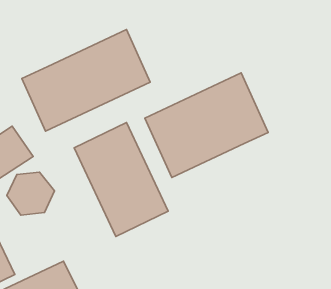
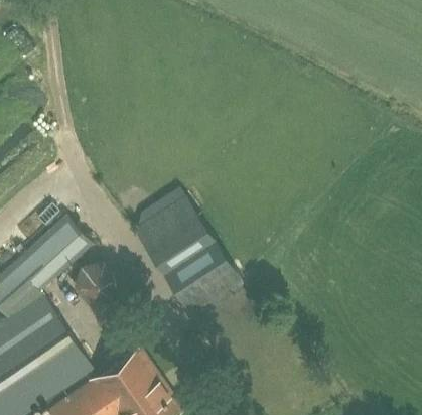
building: [22,29,150,131] -> none
building: [145,73,268,178] -> none

